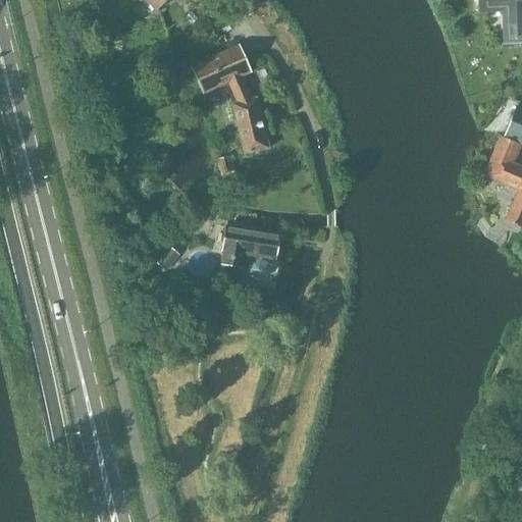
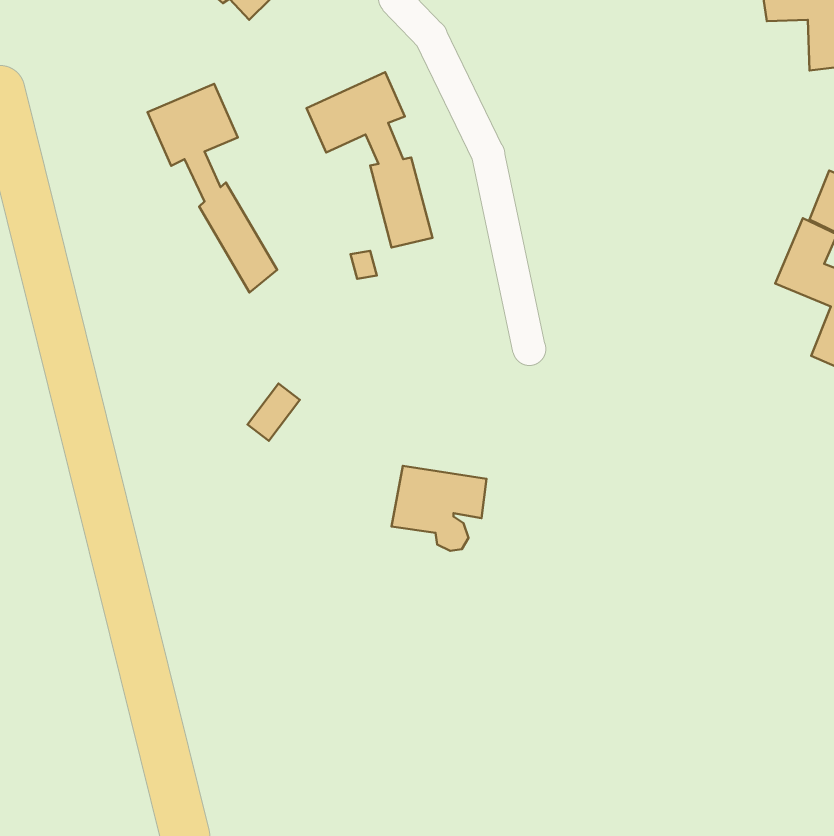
building: none -> [148,84,277,292]
building: [222,224,281,277] -> [391,466,486,551]

